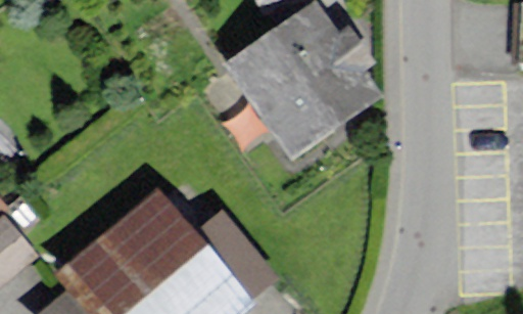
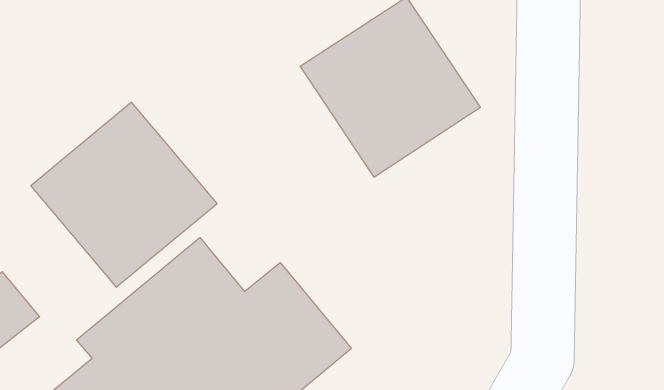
building: none -> [31,102,217,287]

